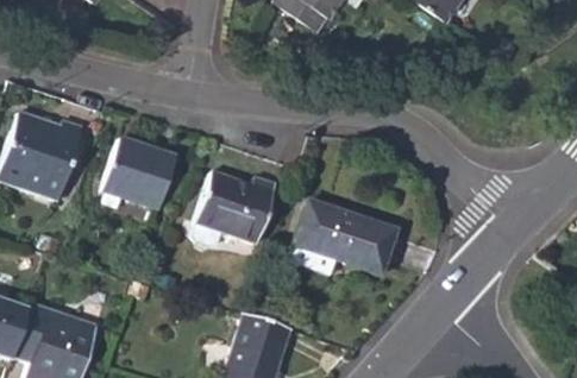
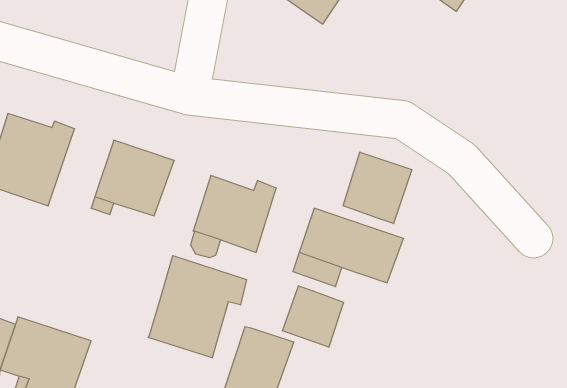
building: none -> [343,152,412,224]
building: none -> [148,256,247,358]
building: none -> [283,286,343,347]

